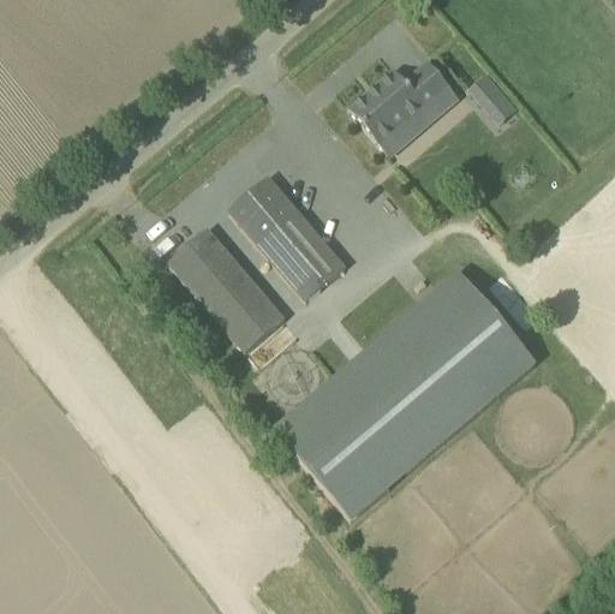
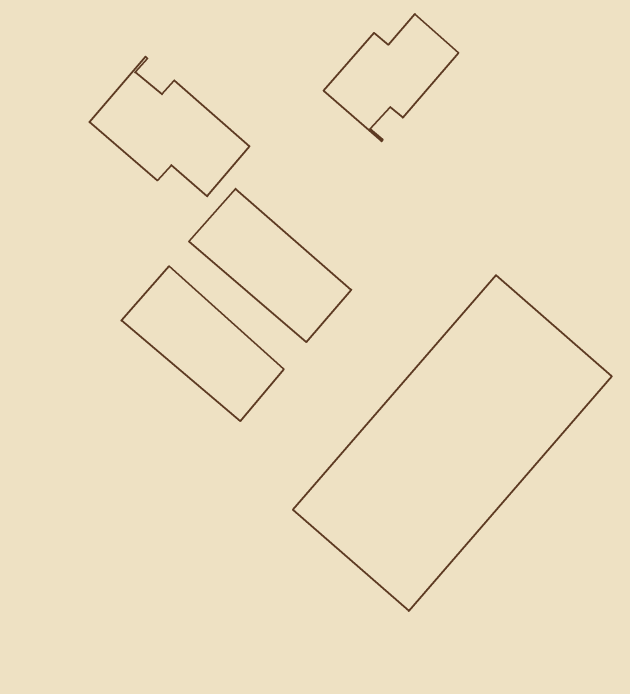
building: none -> [89,57,249,196]
building: [468,72,506,109] -> none

